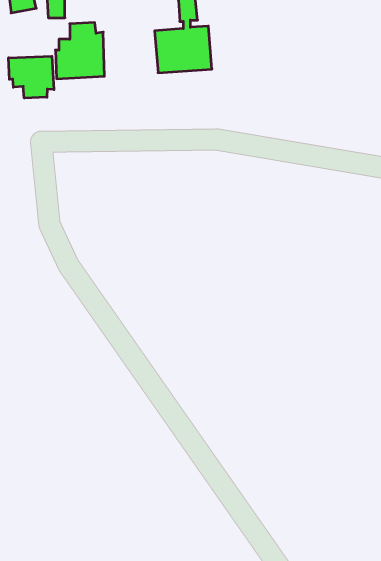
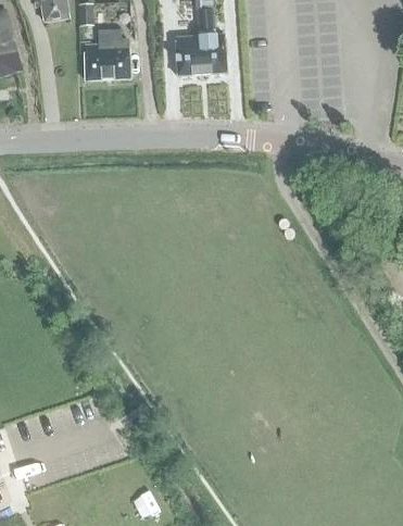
building: [9,56,54,98] -> none

